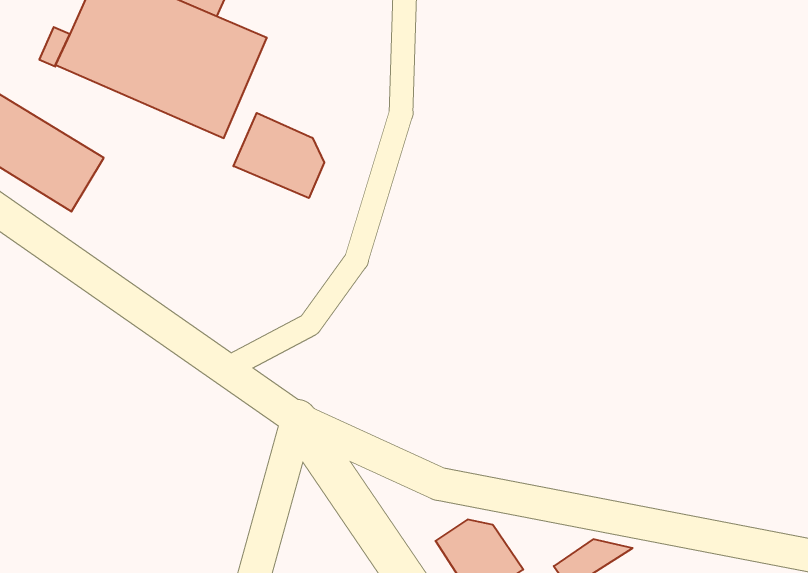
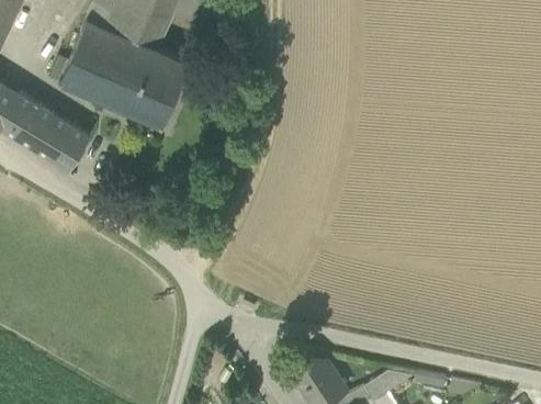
building: [233,113,324,198] -> none

